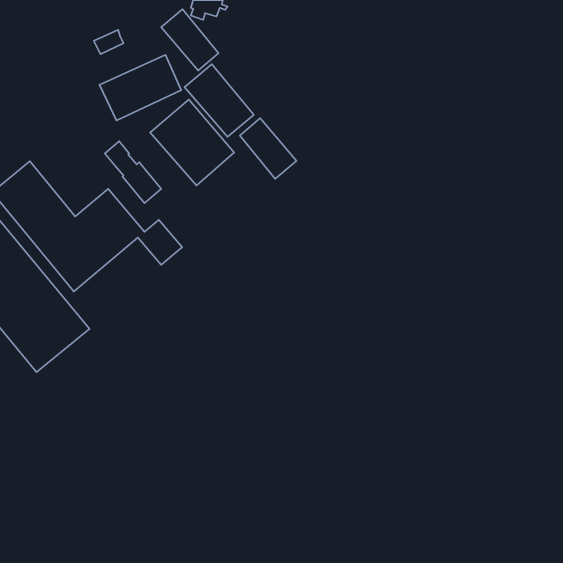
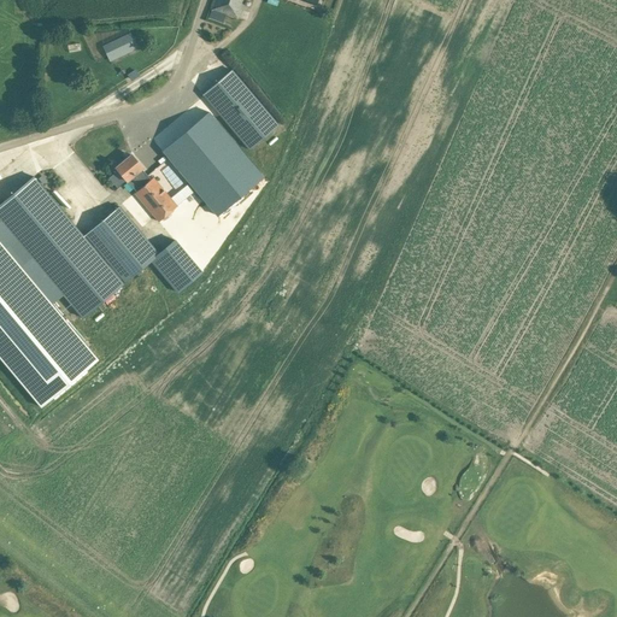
building: [161,9,219,71] -> none
building: [100,55,181,120] -> none
building: [240,118,297,179] -> none

